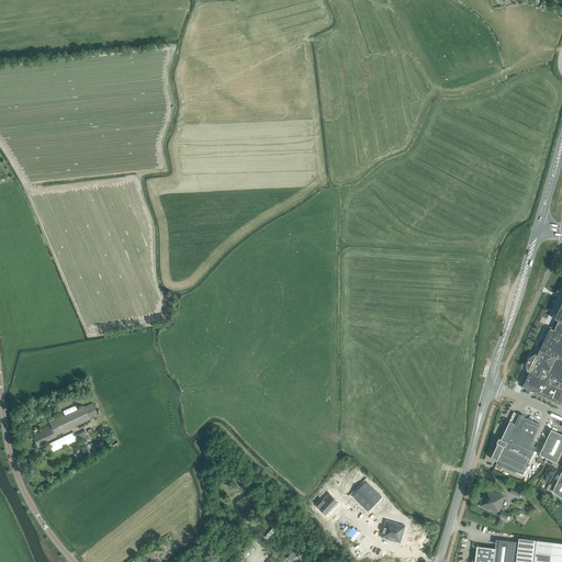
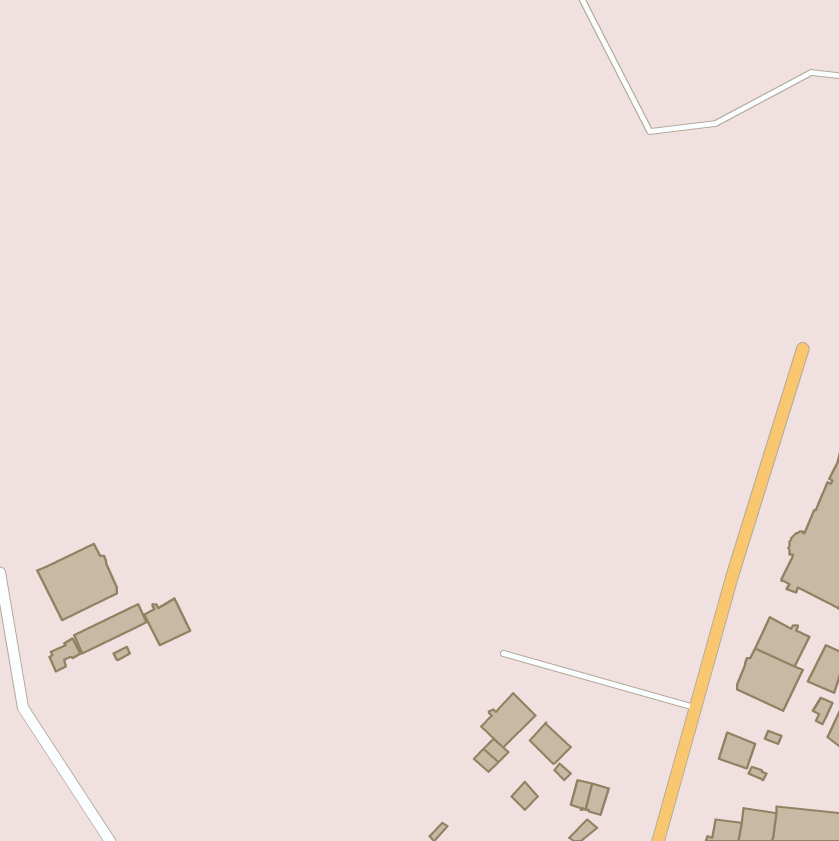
building: none -> [37,544,117,620]
building: none -> [144,599,190,645]
building: none -> [481,693,536,747]

